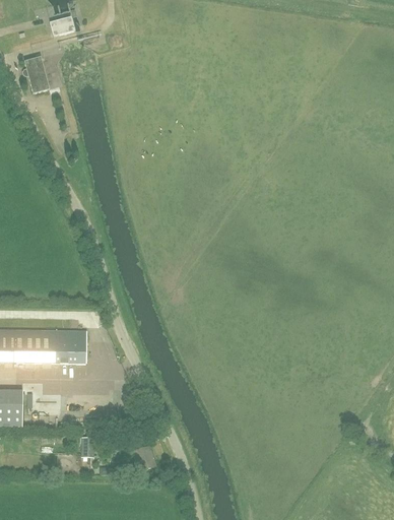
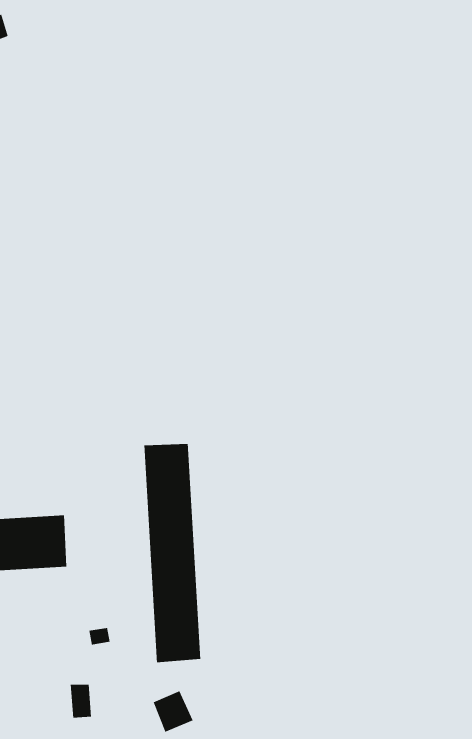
building: none -> [144,443,201,663]

